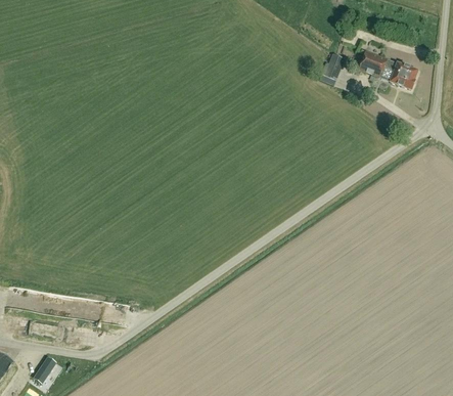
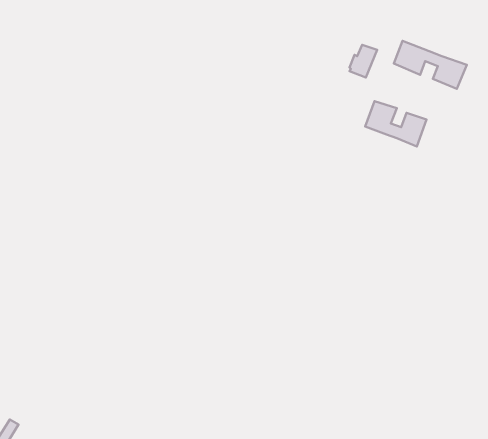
building: none -> [365,101,427,147]

